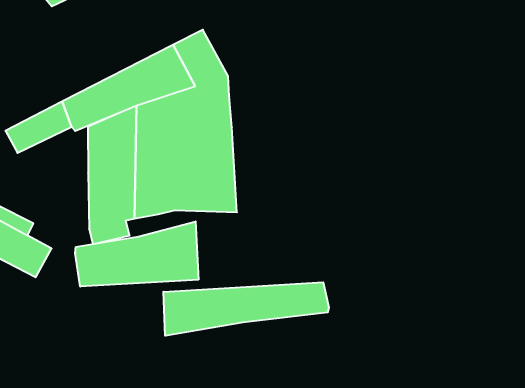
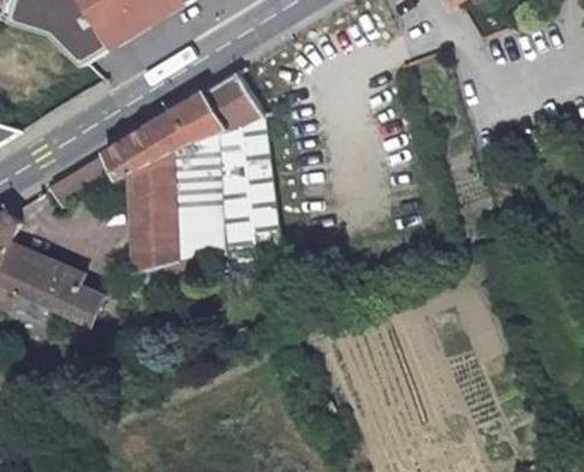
building: [75,221,198,287] -> none
building: [163,282,329,336] -> none

